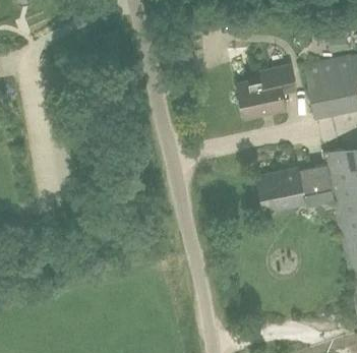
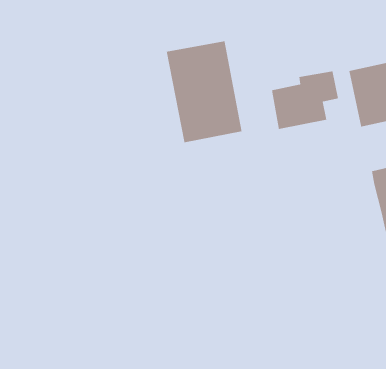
building: none -> [166,41,242,143]
building: [258,165,333,211] -> none

